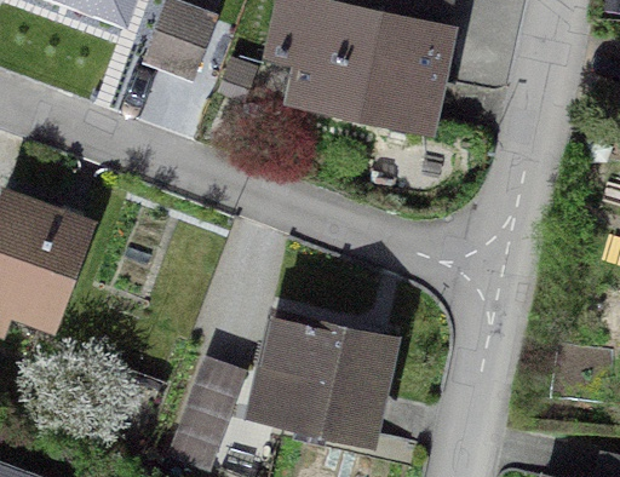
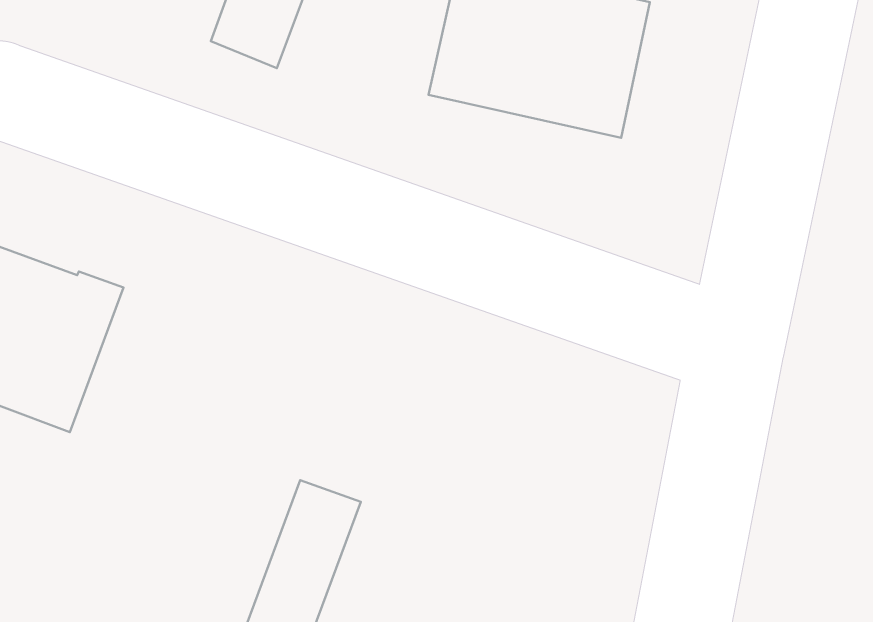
building: [263,314,390,442] -> none

